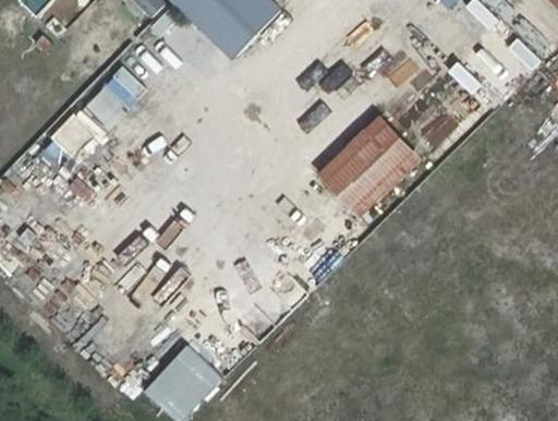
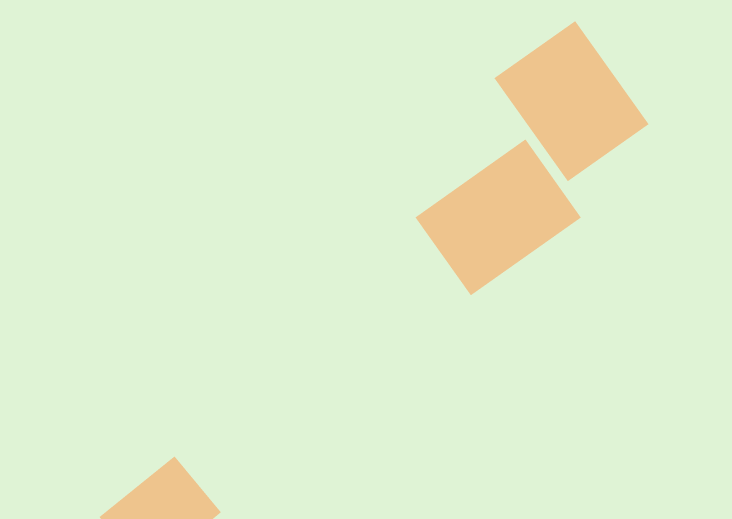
building: none -> [494,20,649,182]

